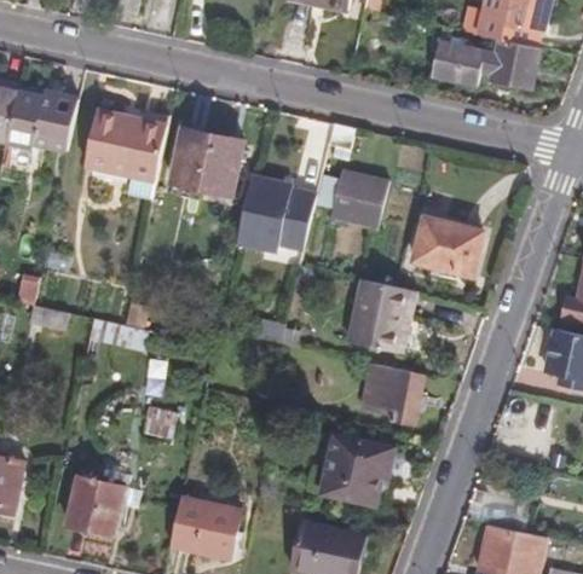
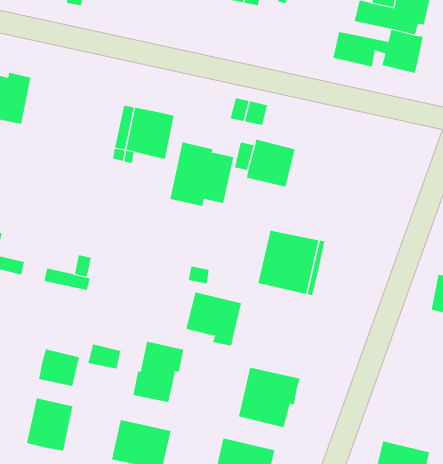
building: [86,108,164,178] -> none
building: [417,218,484,273] -> none
building: [358,364,425,428] -> [186,292,242,346]
building: none -> [133,341,184,403]
building: none -> [38,349,79,387]

